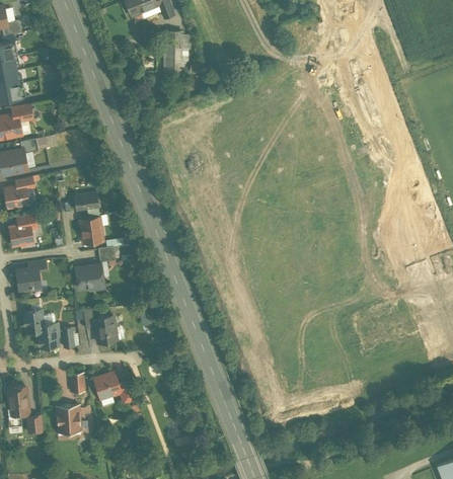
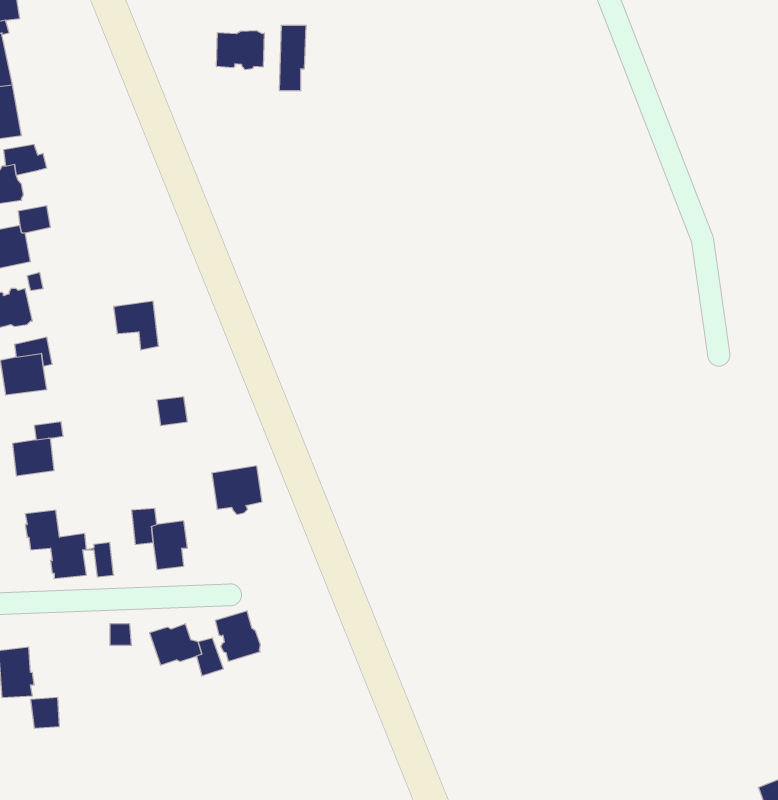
building: none -> [217,31,264,70]
building: [80,218,103,244] -> none
building: [76,264,104,292] -> [212,466,262,514]
building: none -> [215,611,260,661]
building: [57,405,81,432] -> none

